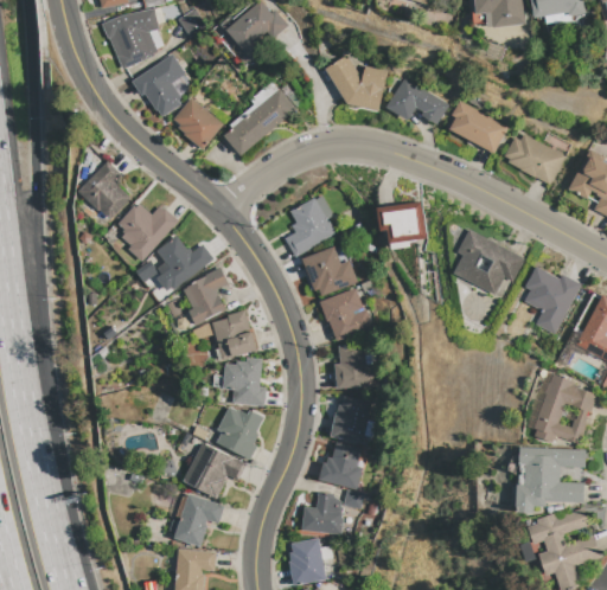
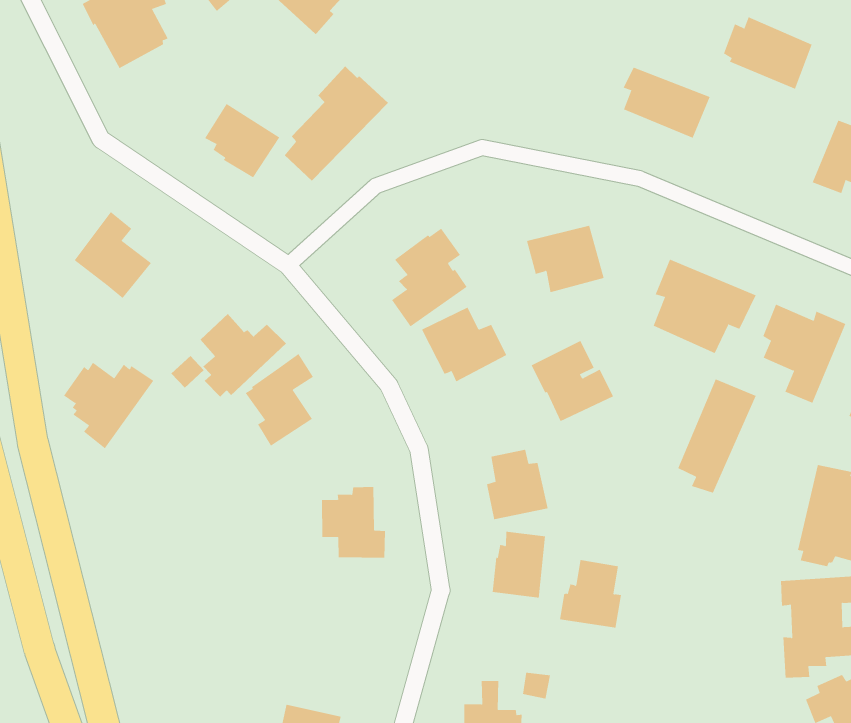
building: [132,54,185,116] -> none
building: [325,56,386,110] -> none
building: [386,78,447,124] -> none
building: [504,134,563,185] -> [723,17,813,90]
building: [117,204,178,262] -> [63,362,154,449]
building: [320,289,372,341] -> [531,340,614,422]
building: [211,310,261,360] -> none
building: none -> [677,378,756,494]
building: [216,408,263,458] -> none
building: [319,442,362,489] -> [559,559,622,628]
building: [183,443,245,499] -> none

